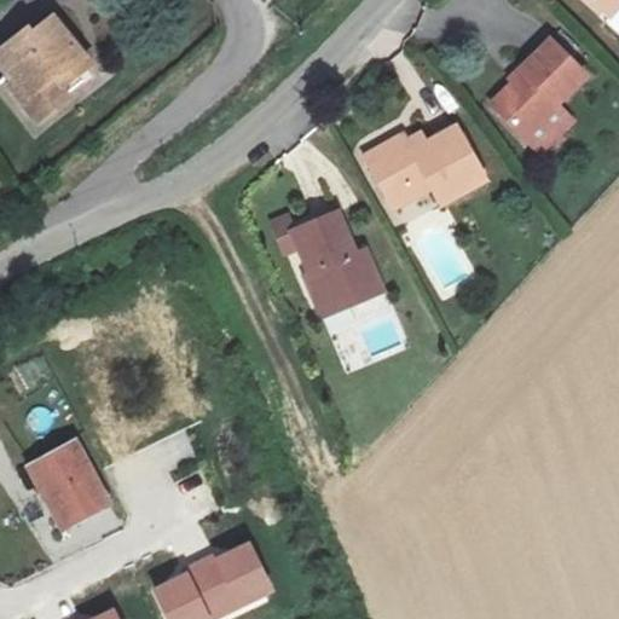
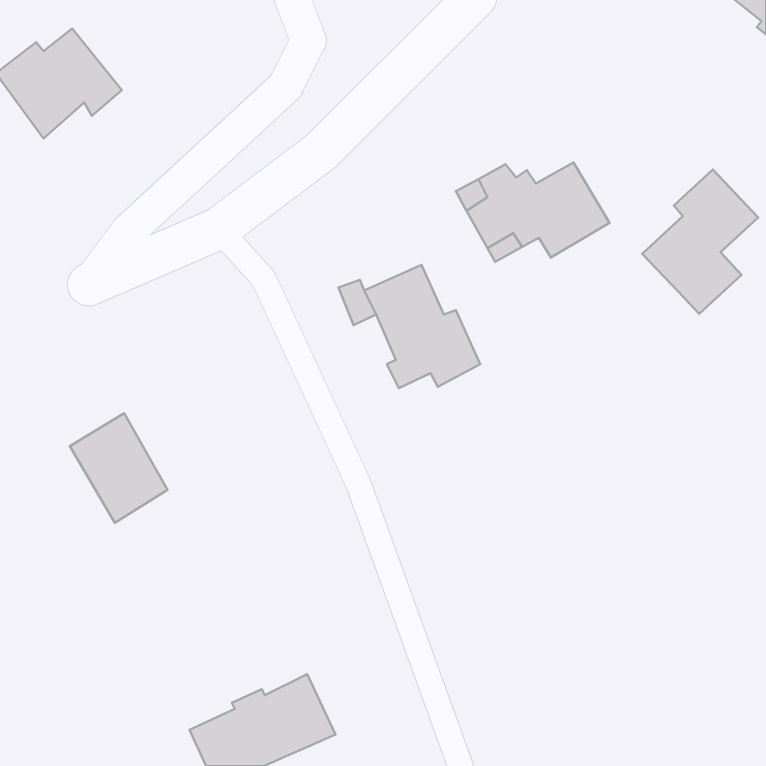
building: [491,35,584,151] -> [642,169,758,314]
building: [29,439,108,527] -> [70,413,168,523]

